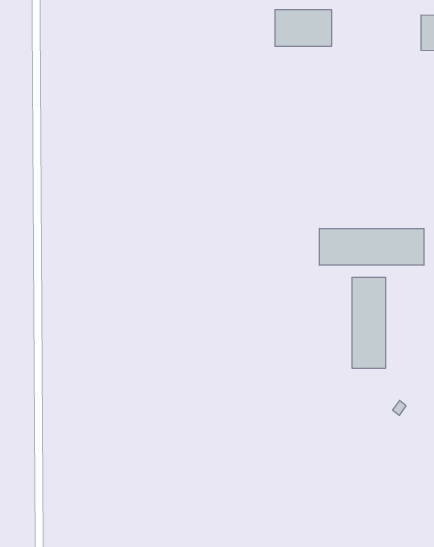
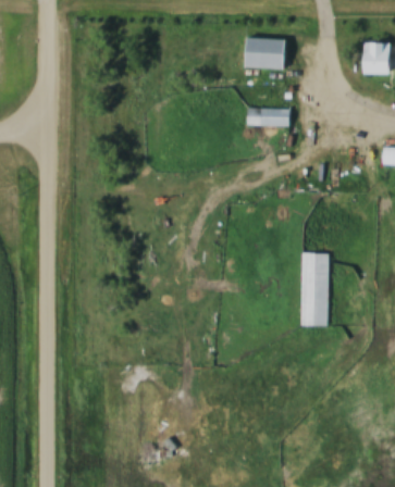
building: none -> [244,108,289,126]
building: [319,228,424,265] -> none

